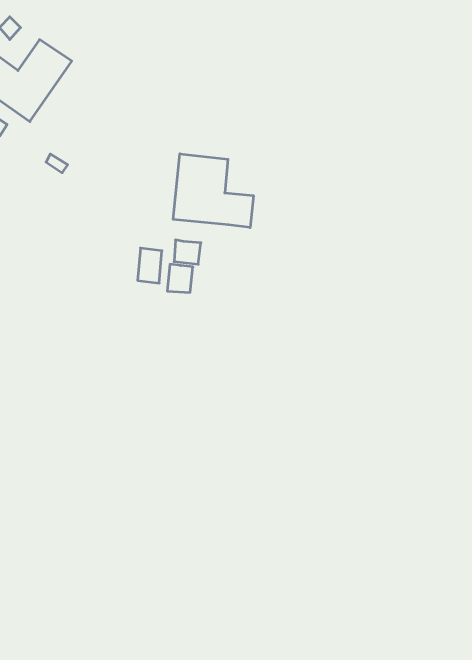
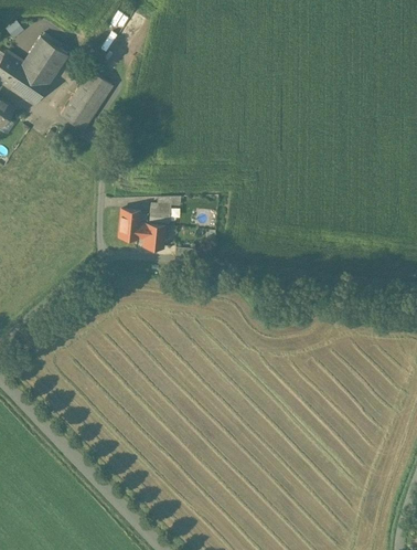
building: none -> [60,72,110,131]
building: [173,154,253,228] -> none

